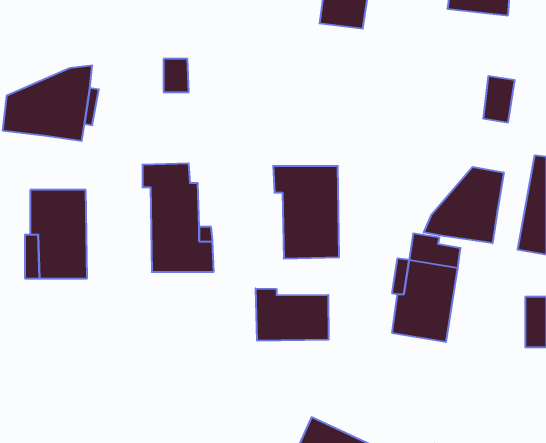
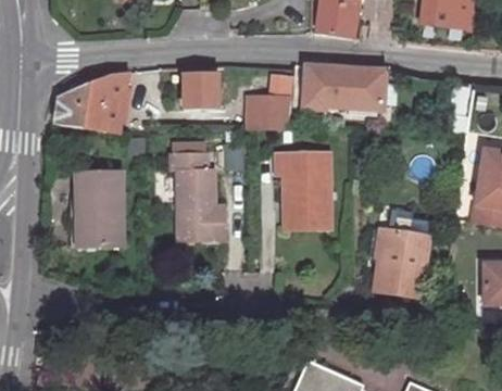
building: none -> [308,63,397,111]
building: none -> [244,93,292,130]
building: [424,167,504,243] -> none
building: [256,288,328,341] -> none

